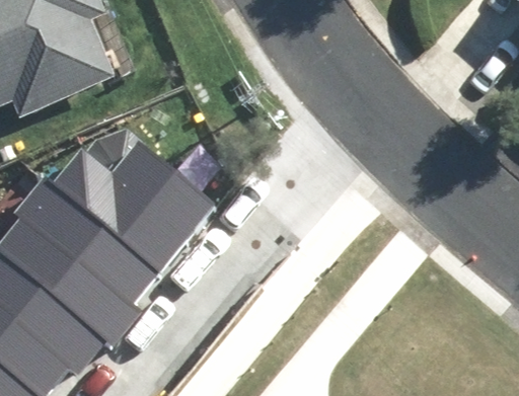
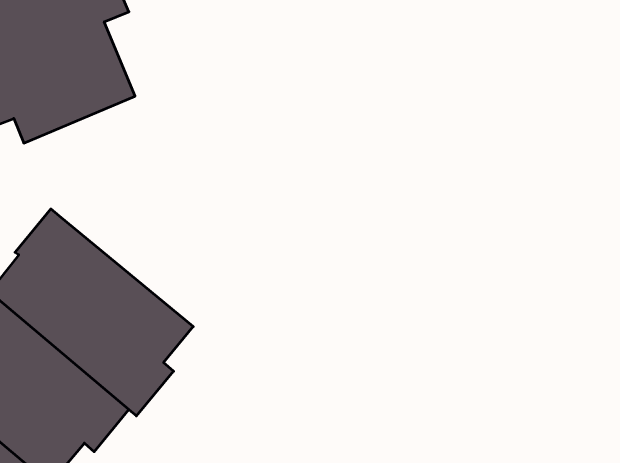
building: [50,126,216,272] -> none

